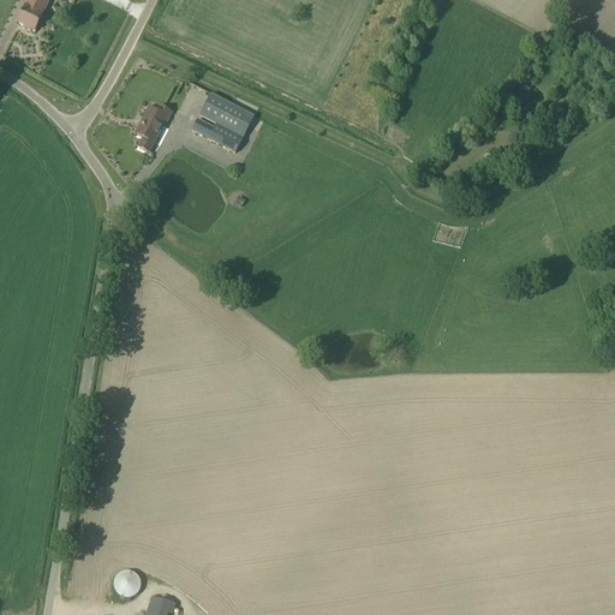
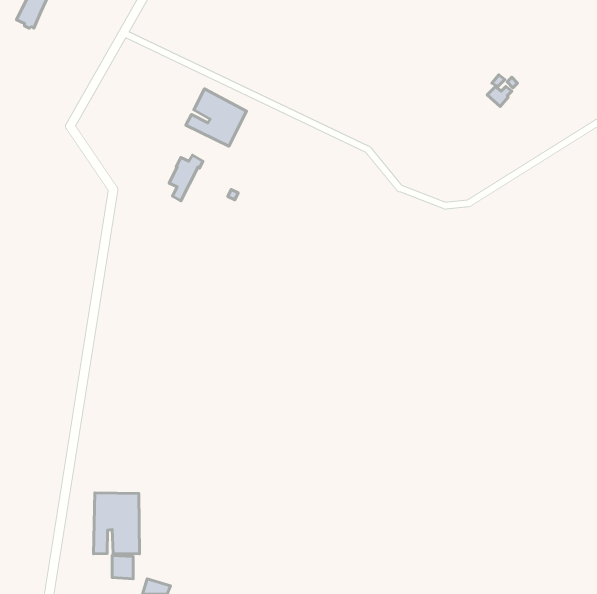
building: [136,103,171,150] -> [169,155,203,201]
building: none -> [94,493,139,554]

